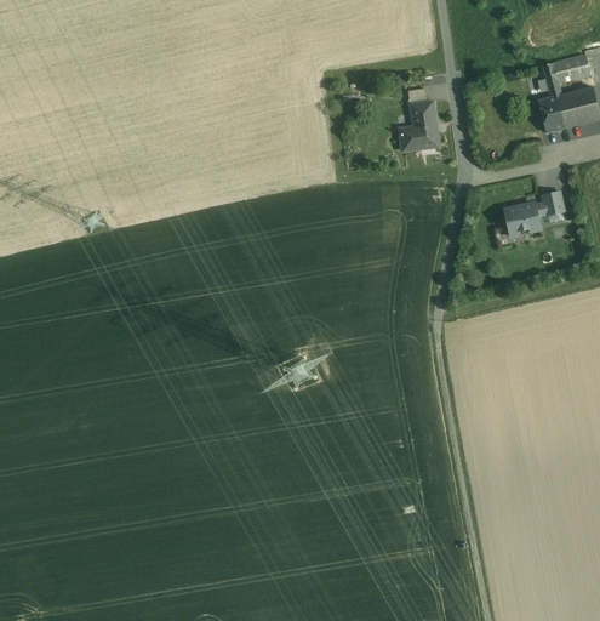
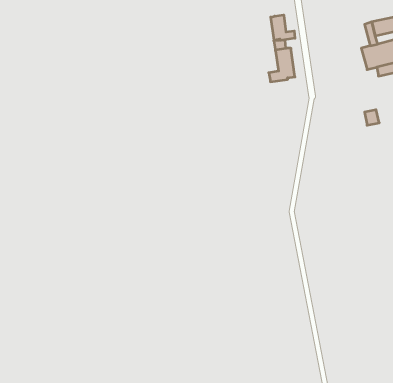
building: none -> [271,15,295,40]
building: [505,201,541,232] -> none

